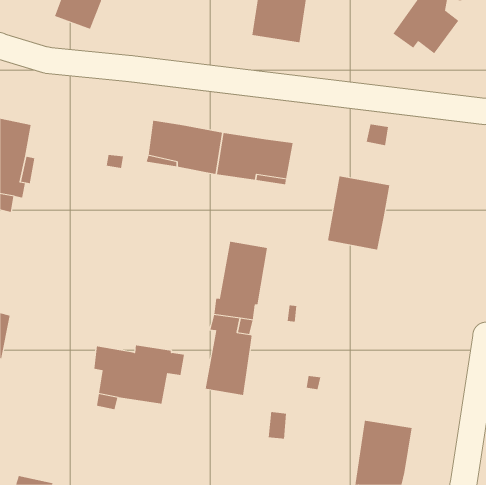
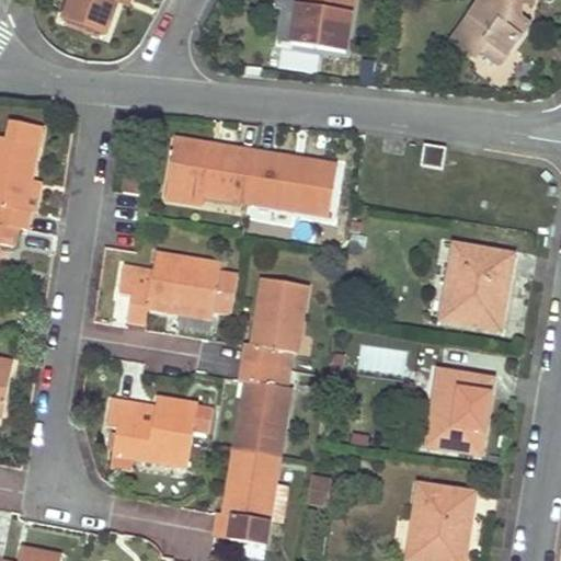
building: [327,176,390,250] -> [440,243,513,329]
building: none -> [118,251,239,332]
building: none -> [427,369,493,453]
building: none -> [217,447,280,535]

